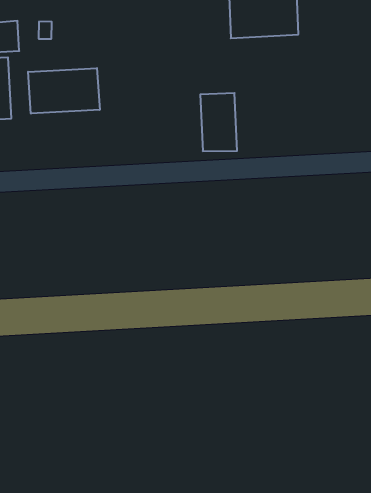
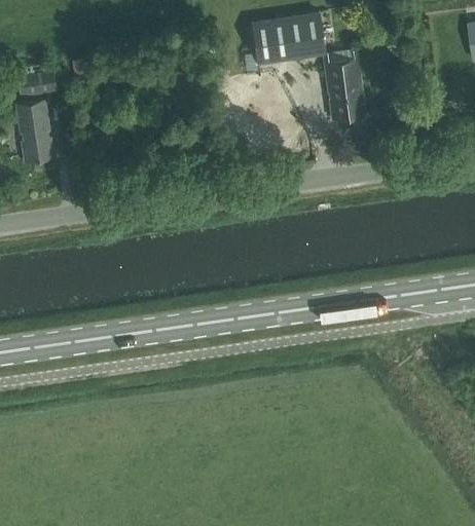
building: [28,68,100,114] -> none
building: [200,93,237,151] -> [325,60,365,118]

